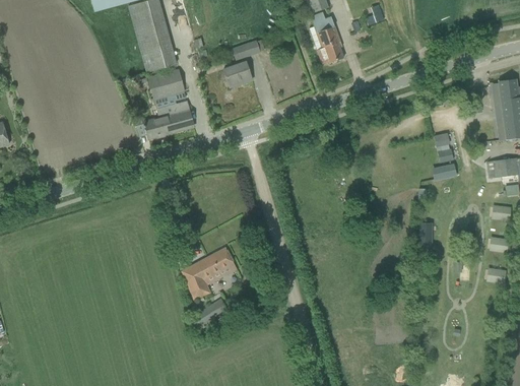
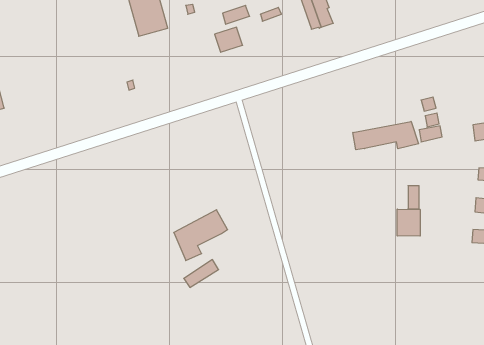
building: [148,70,184,99] -> none
building: [144,102,194,139] -> none
building: none -> [353,121,419,150]
building: none -> [397,209,420,236]

